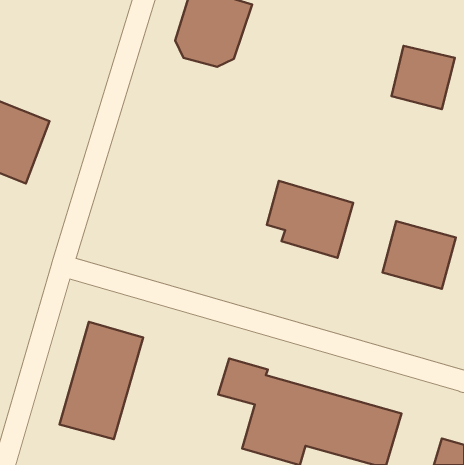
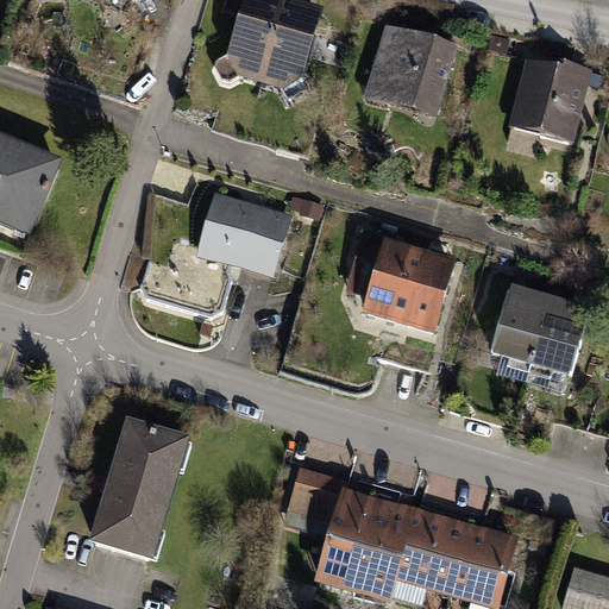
building: none -> [363,25,456,114]
building: none -> [195,195,291,280]

